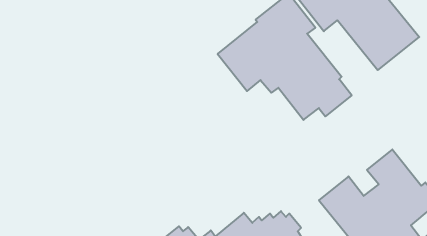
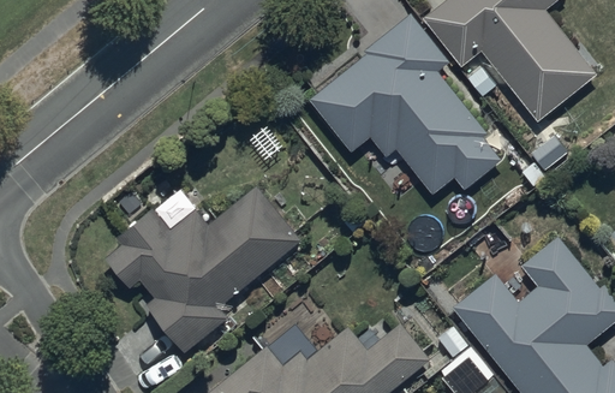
building: none -> [106,187,301,353]

